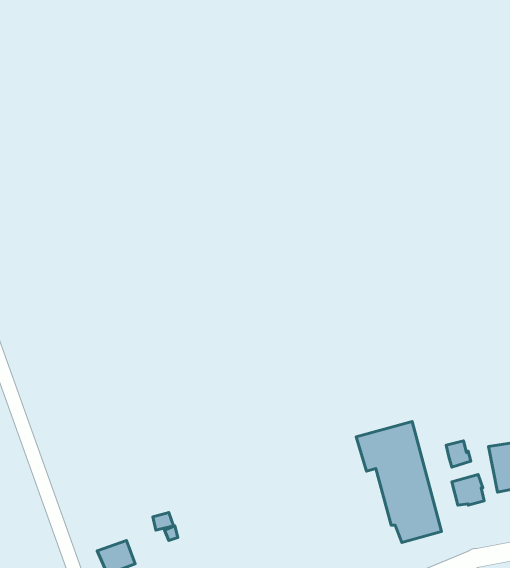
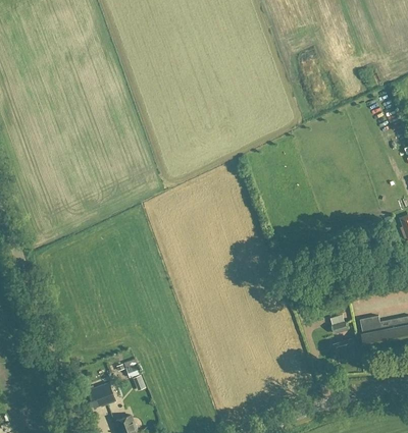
building: [356,422,441,543] -> none

